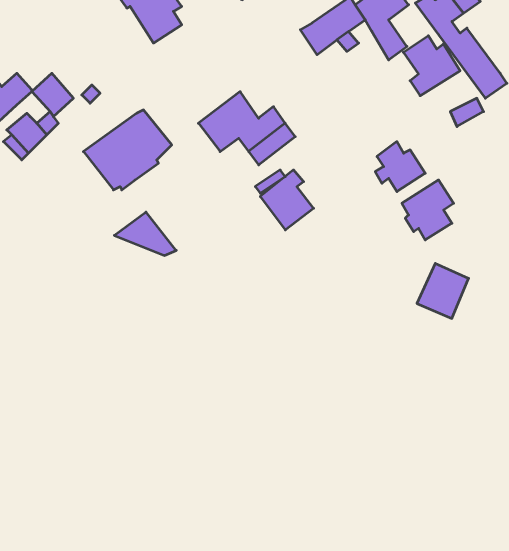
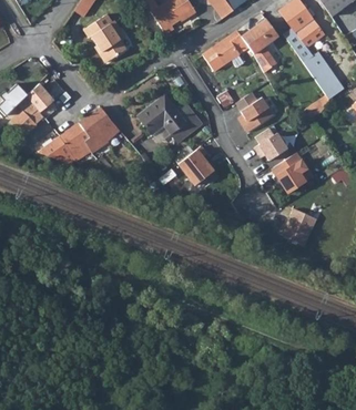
building: [403,36,460,96] -> [236,92,274,132]
building: [114,212,176,255] -> [40,134,81,163]

